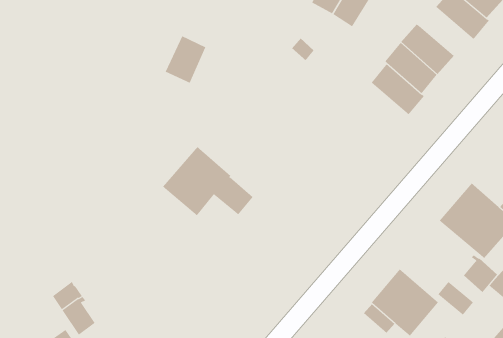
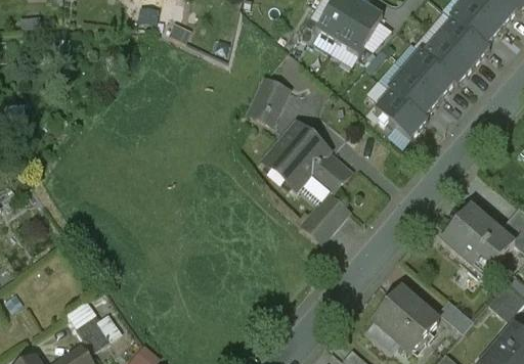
building: none -> [421,35,473,85]
building: [165,36,206,83] -> [248,78,288,124]
building: [162,146,253,216] -> [262,121,350,188]
building: none -> [301,193,348,241]
building: [463,255,498,293] -> none

